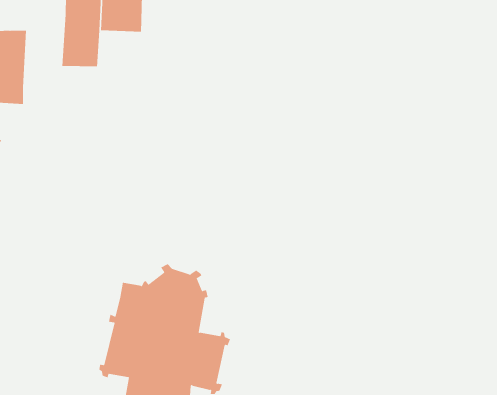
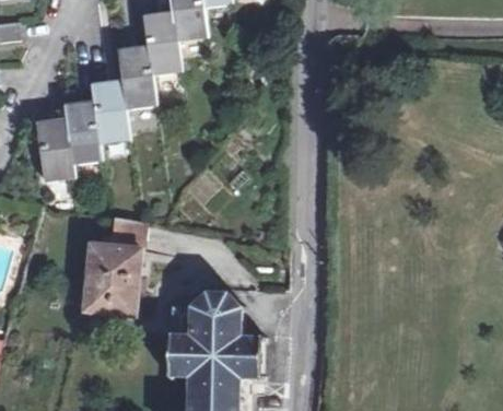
building: none -> [62,102,97,164]
building: none -> [83,214,143,309]

